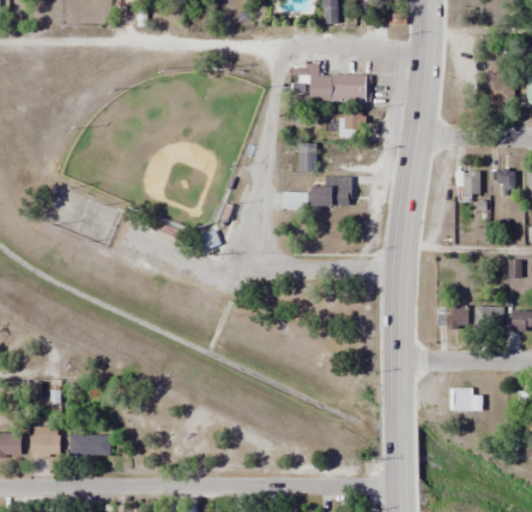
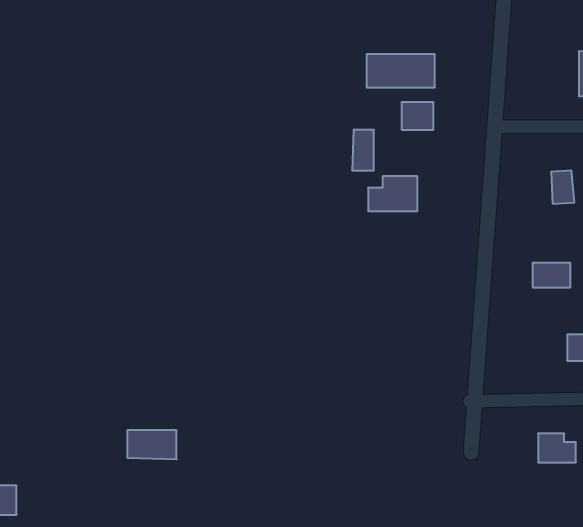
building: [437,307,468,327] -> [533,263,570,287]
building: [30,427,59,456] -> none
building: [68,433,109,457] -> [127,430,177,459]

